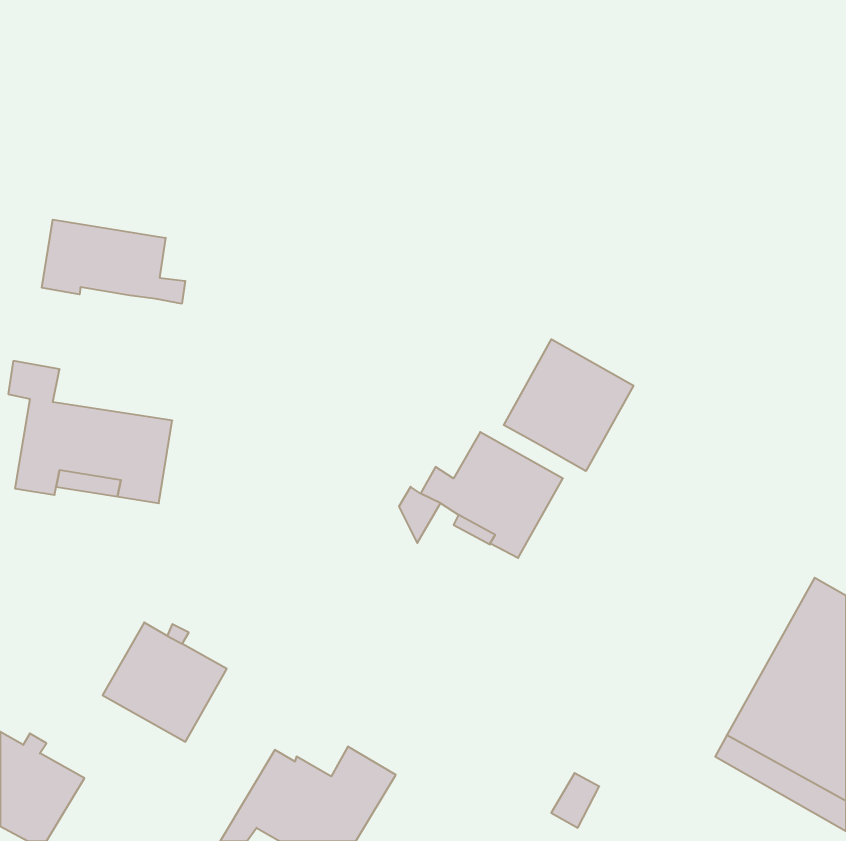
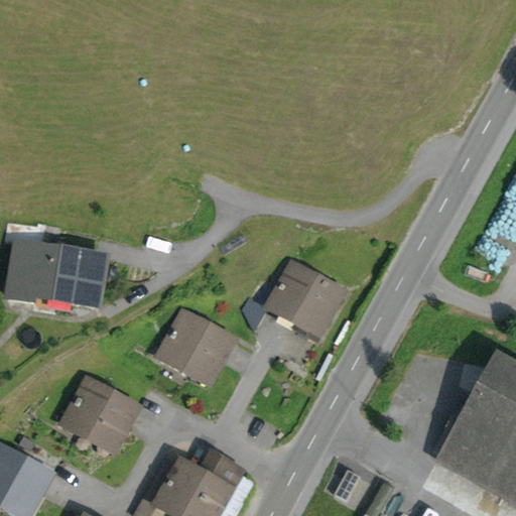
building: [42,220,185,304] -> none
building: [504,339,633,471] -> none
building: none -> [158,311,234,384]

